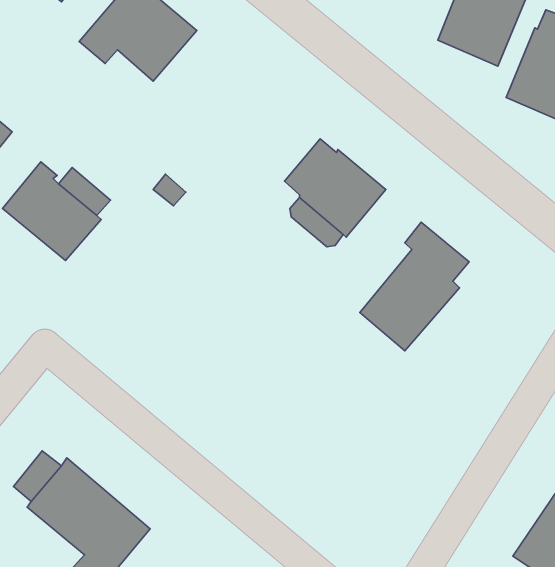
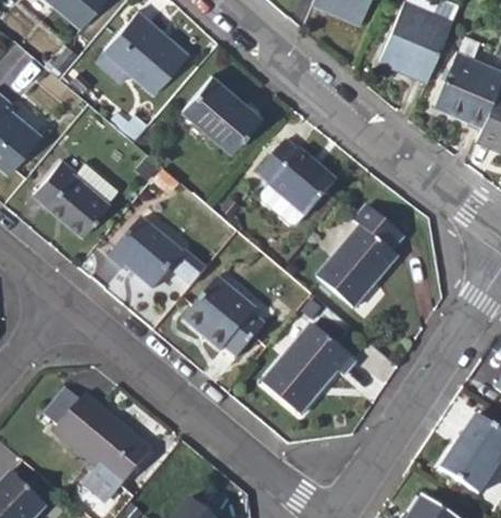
building: none -> [181,75,263,152]
building: none -> [109,220,203,290]
building: none -> [183,279,263,355]
building: none -> [263,325,355,413]

